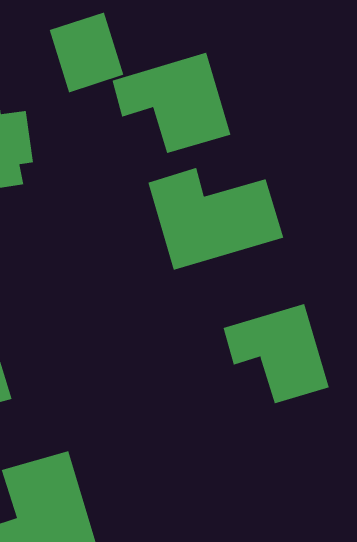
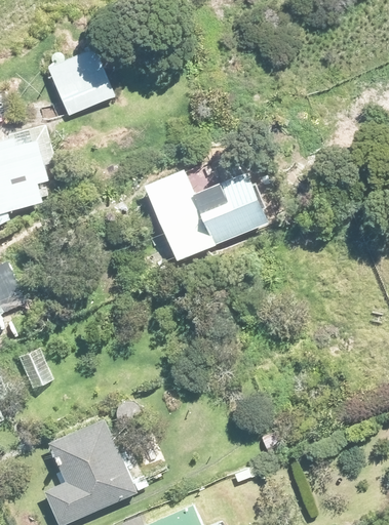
building: [112,52,231,154] -> none
building: [223,303,330,404] -> none

